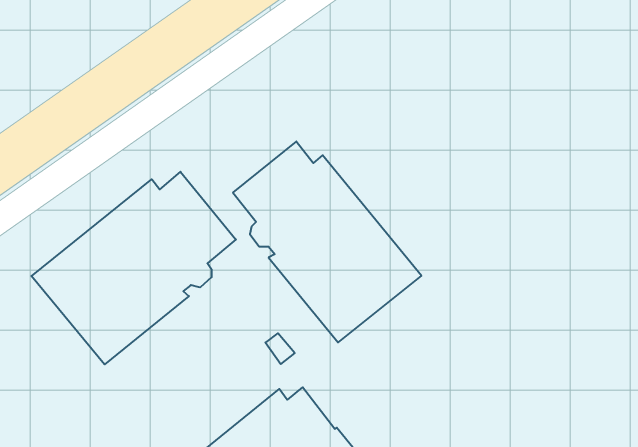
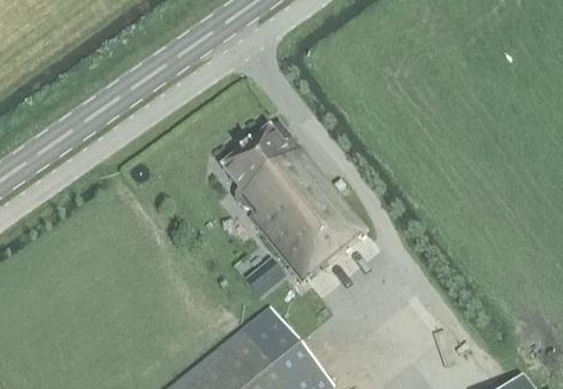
building: [31,172,236,364] -> none

